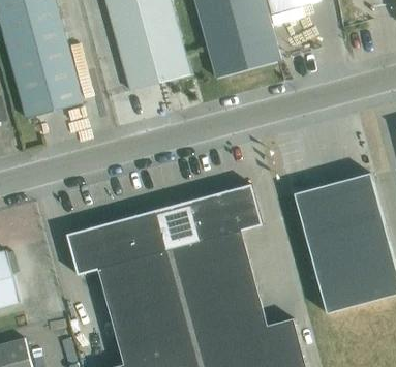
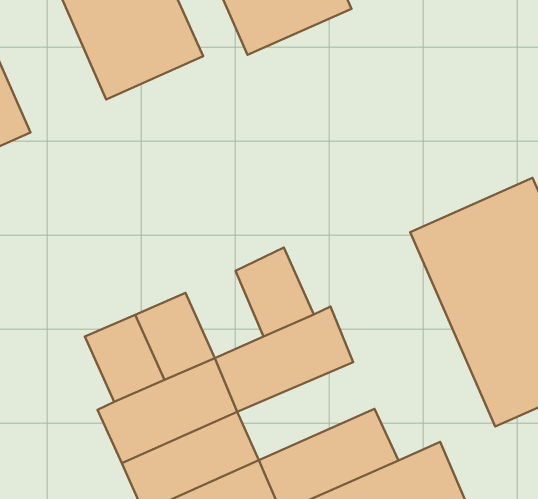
building: [220,184,263,234] -> none
building: [159,202,201,250] -> none
building: [67,226,109,275] -> none
building: [179,265,258,313] -> none

